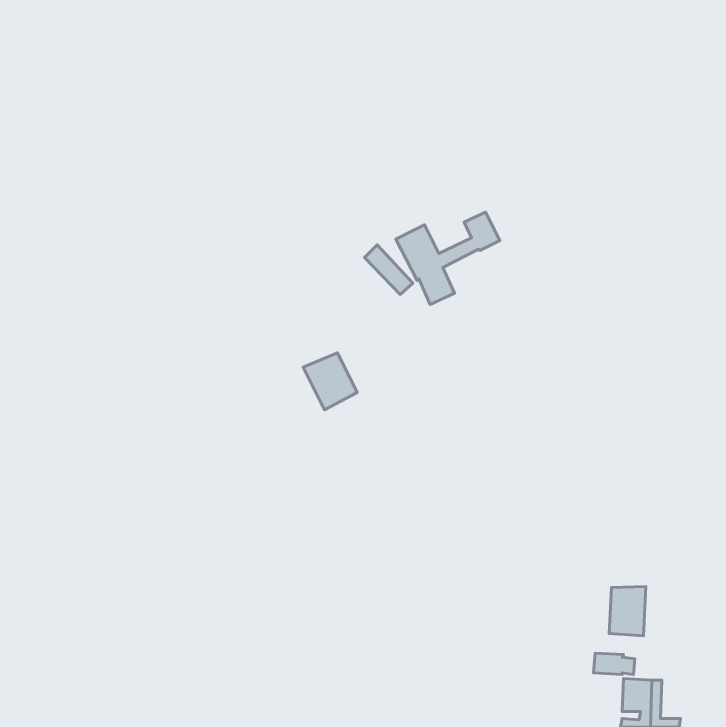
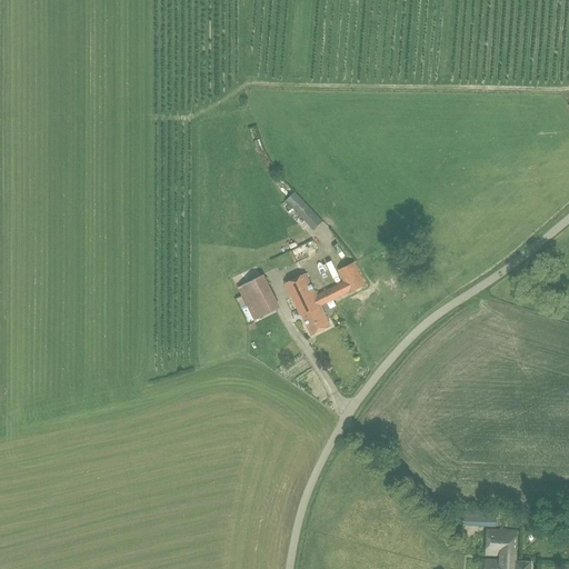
building: [396,212,500,305] -> [283,262,365,335]
building: [609,587,646,636] -> none

